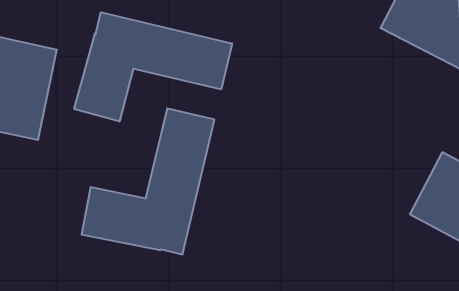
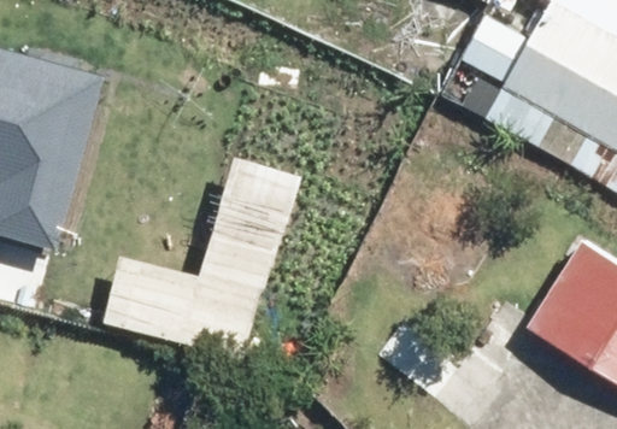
building: [74,12,232,122] -> none

